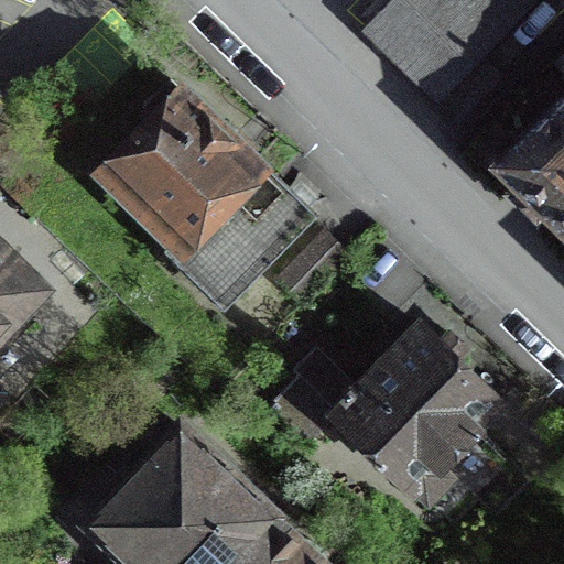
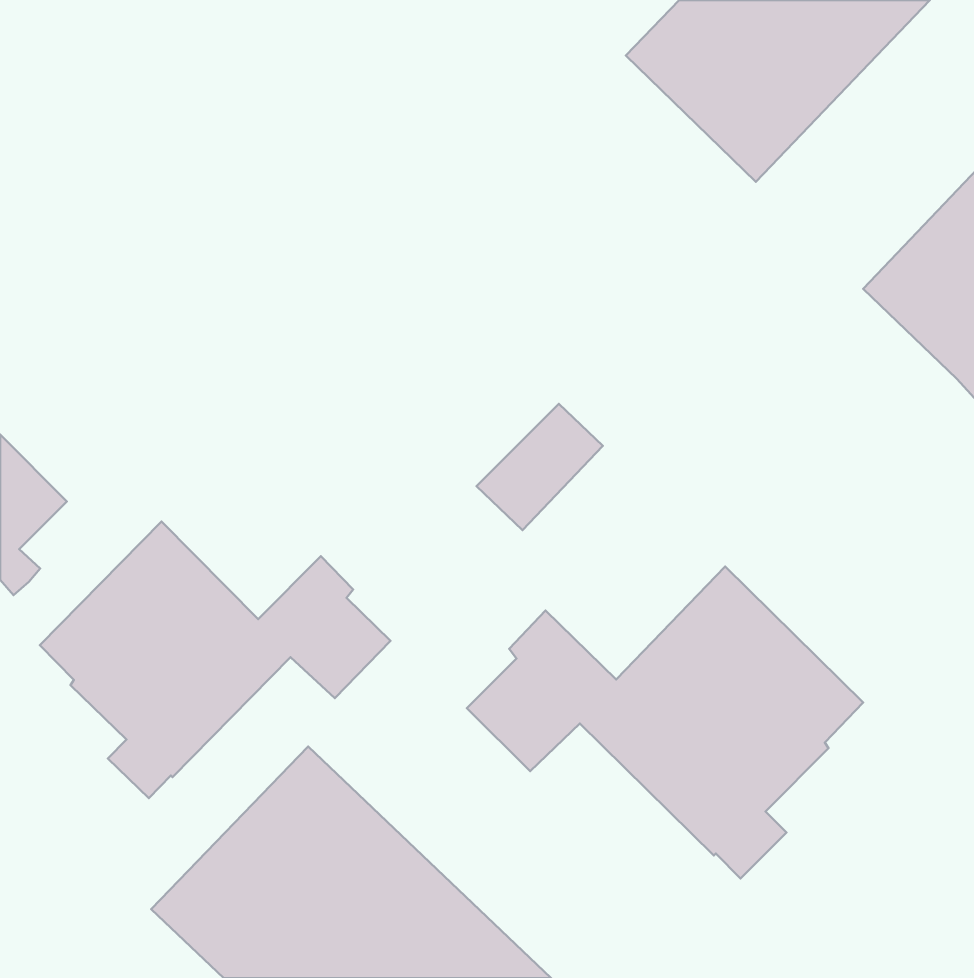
building: [105,82,308,305] -> none
building: none -> [40,522,391,798]

